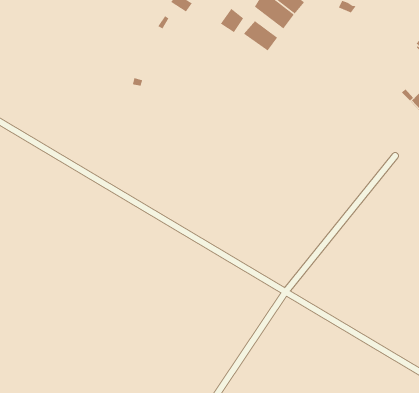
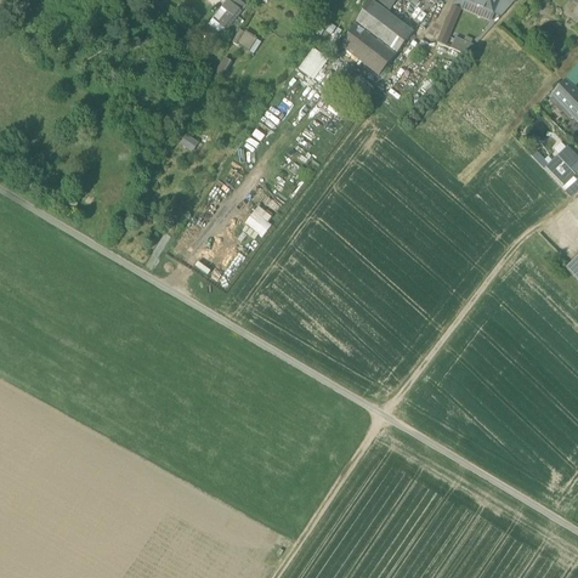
building: [243,20,278,51] -> none

